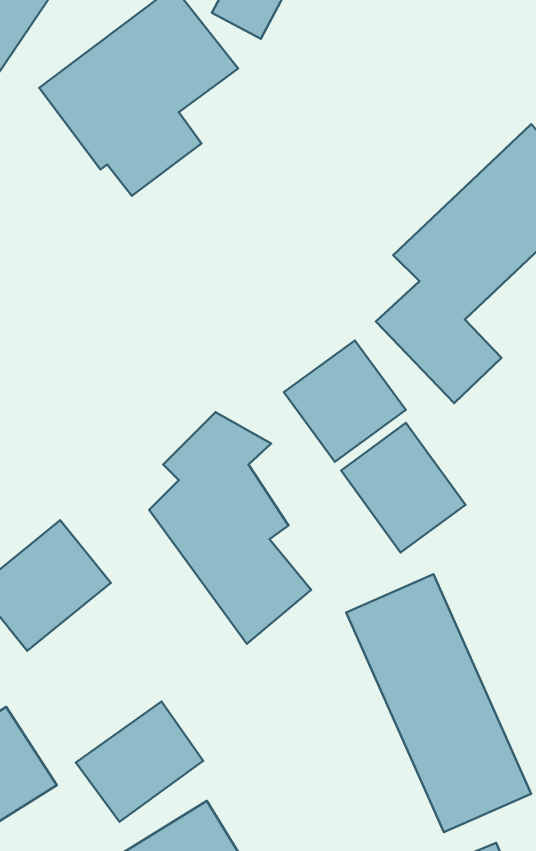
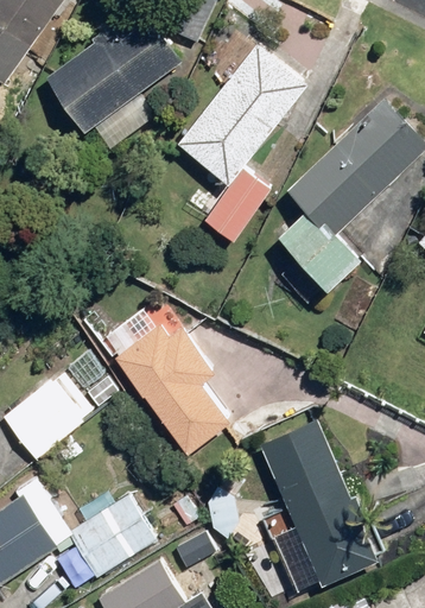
building: none -> [176,43,309,243]
building: [284,340,406,462] -> none
building: [341,423,465,552] -> none

